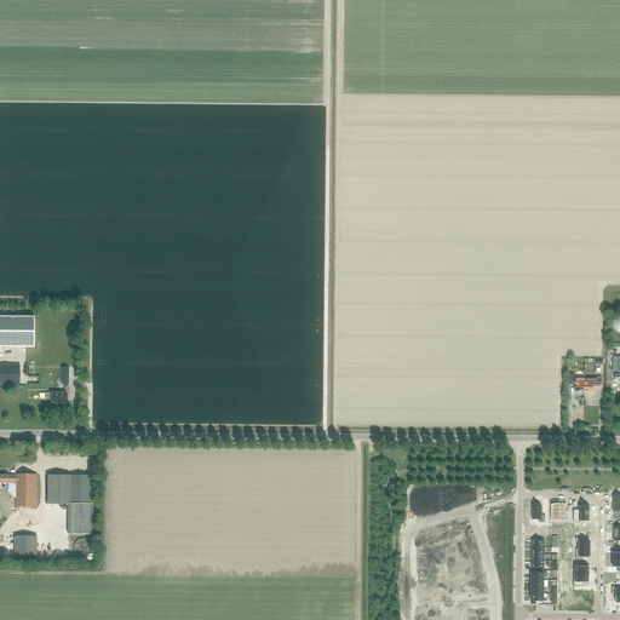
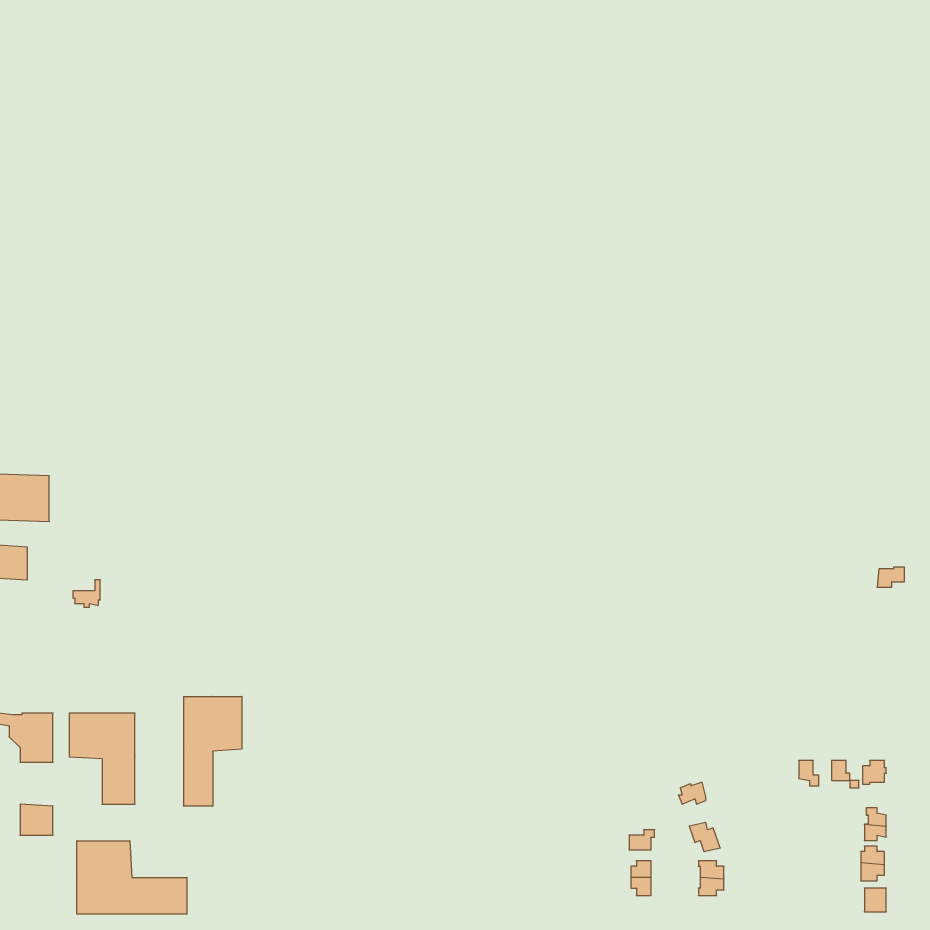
building: none -> [184,696,242,806]
building: none -> [77,841,187,914]

